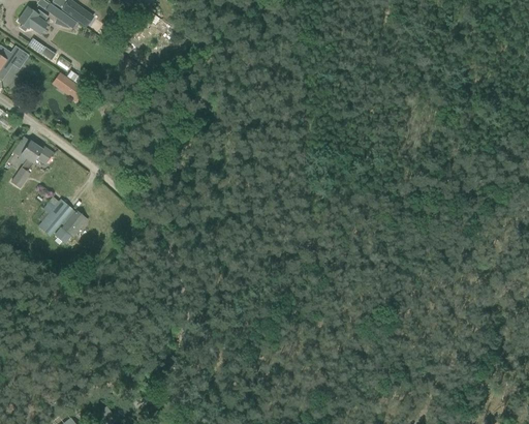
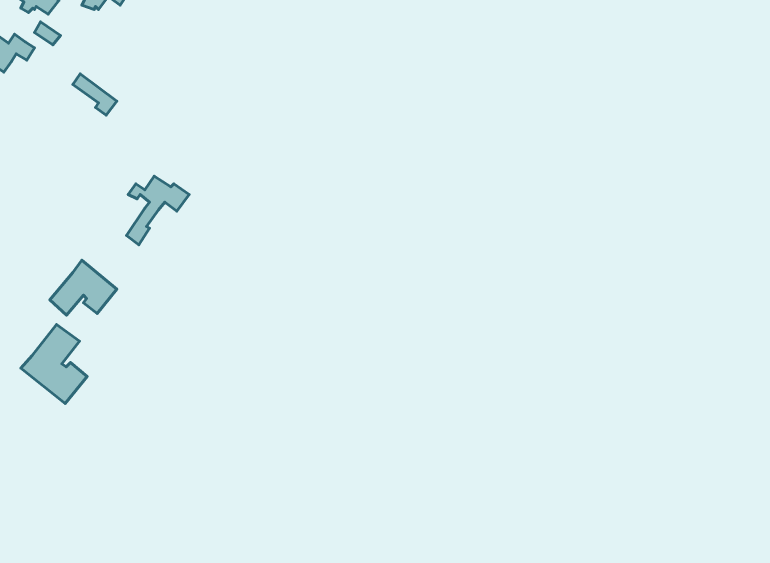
building: [10,141,53,187] -> [127,176,189,245]
building: none -> [21,324,87,404]

